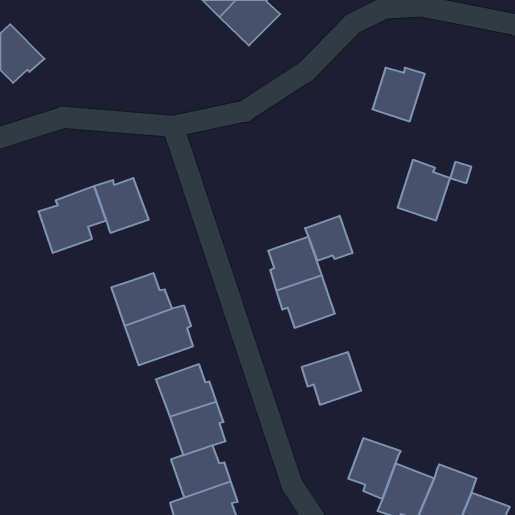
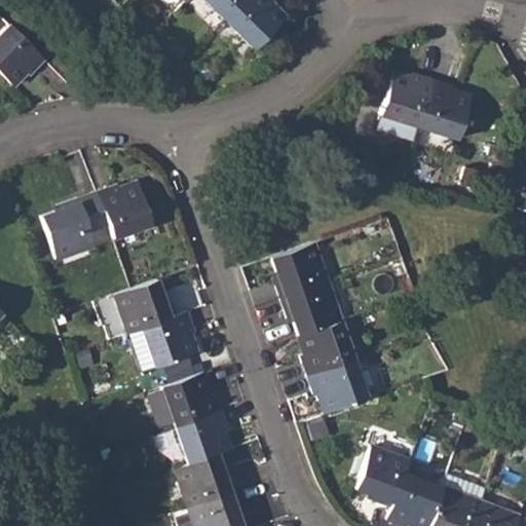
building: [398,160,450,221] -> [418,77,472,139]
building: [305,216,352,261] -> none
building: none -> [301,321,355,375]

